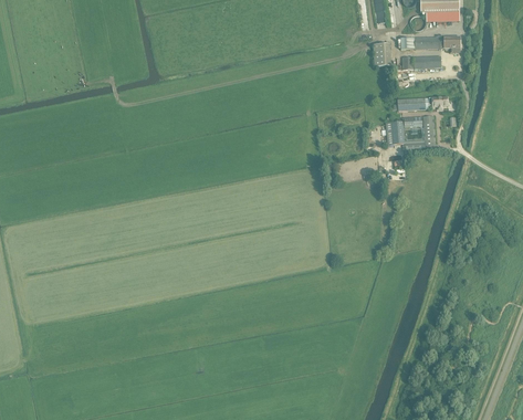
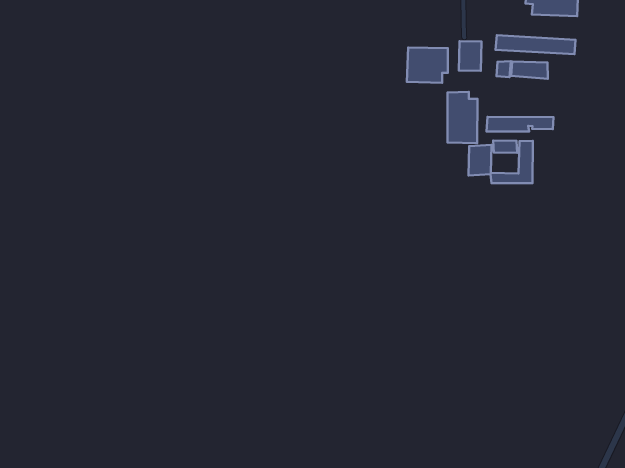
building: none -> [407,47,448,83]
building: none -> [447,92,478,143]

